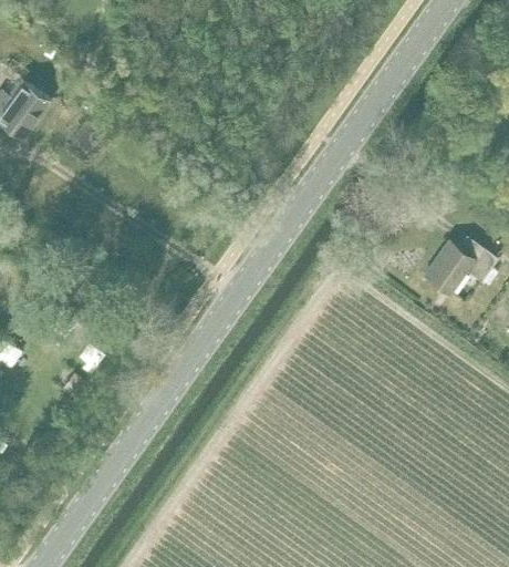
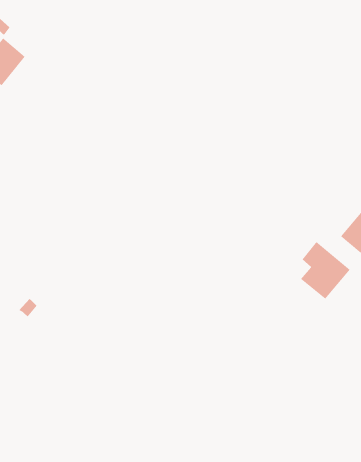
building: none -> [300,241,350,299]

